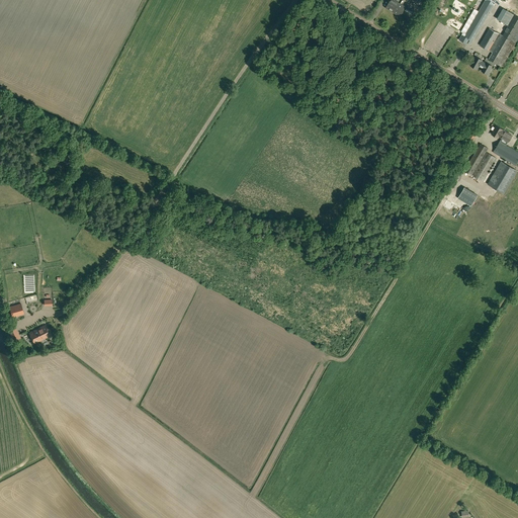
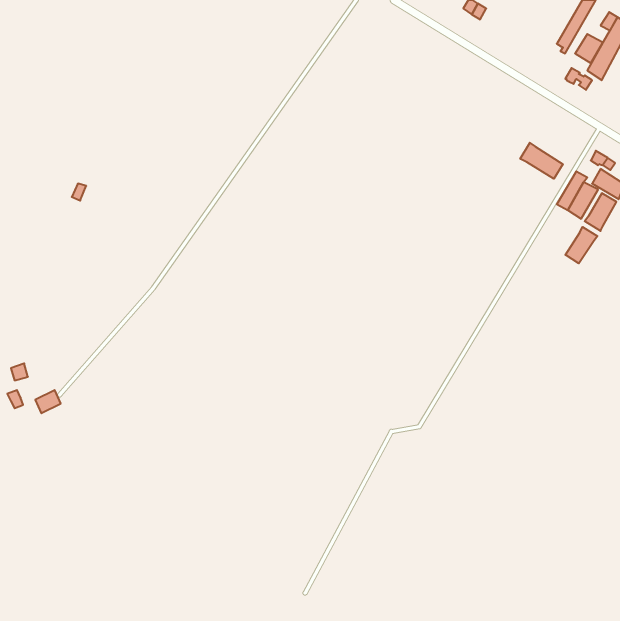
building: none -> [520,143,563,179]
building: none -> [565,227,597,263]

